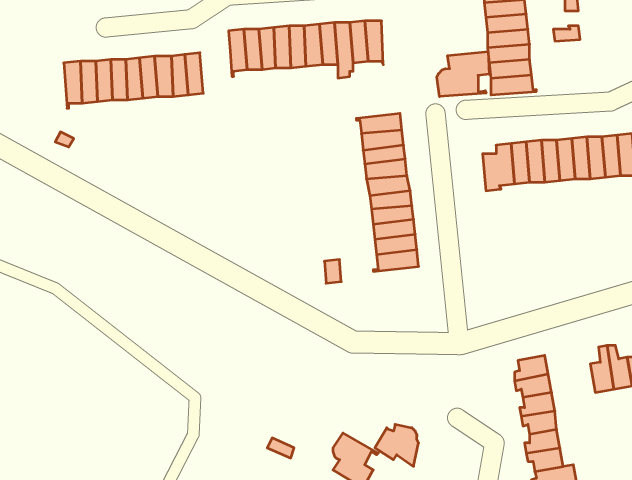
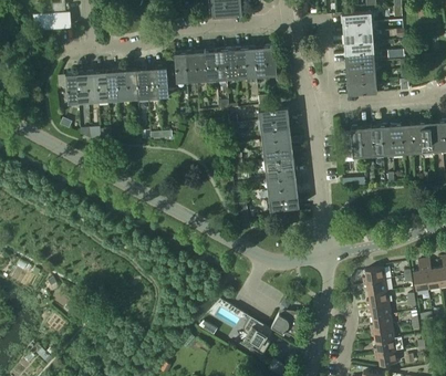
building: none -> [156,67,177,97]
building: [437,51,489,97] -> none

